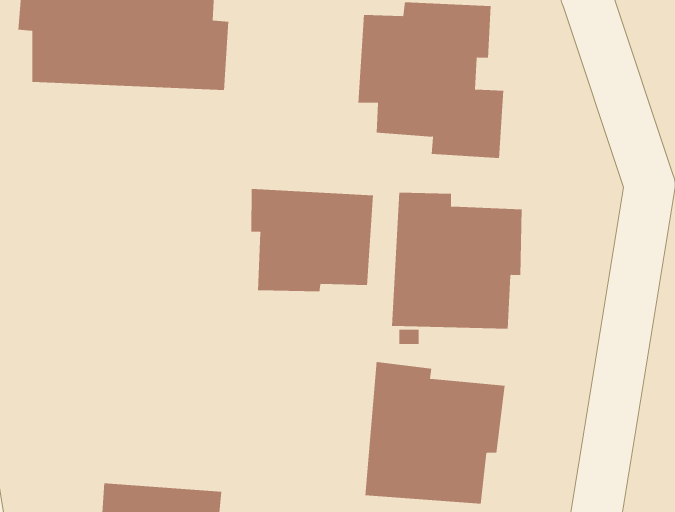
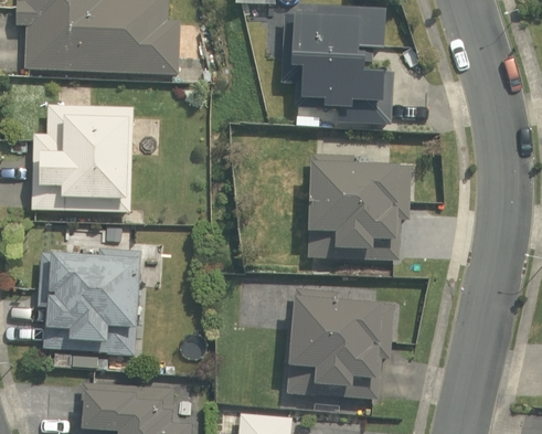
building: none -> [31,105,134,212]
building: [251,188,374,292] -> none
building: none -> [38,247,141,356]

